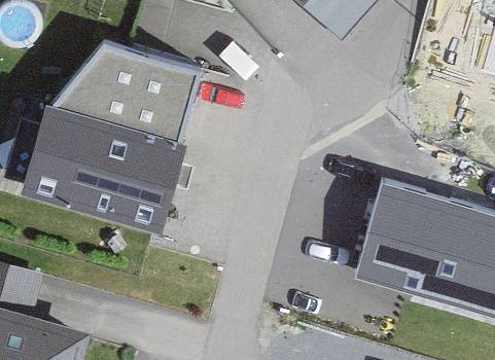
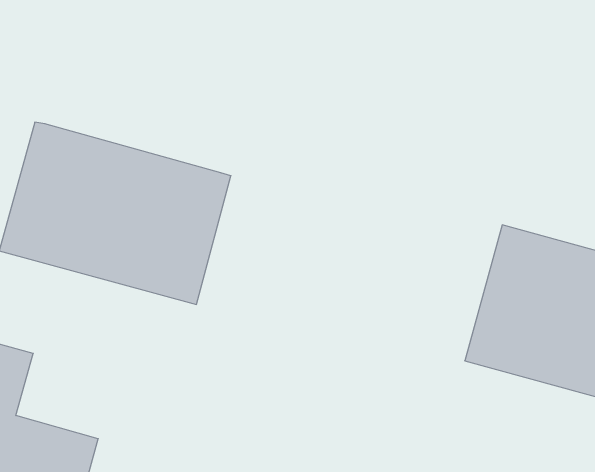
building: [51,45,197,142] -> none

